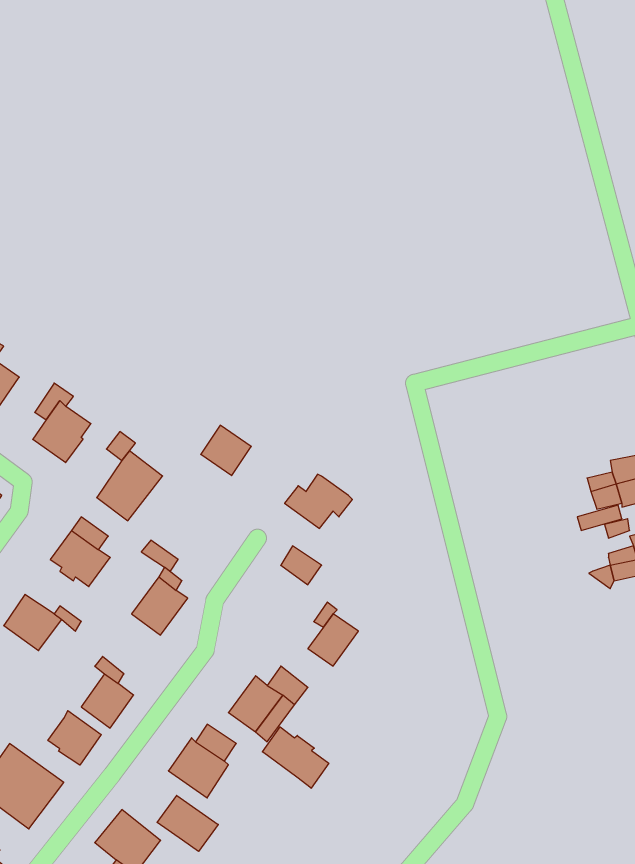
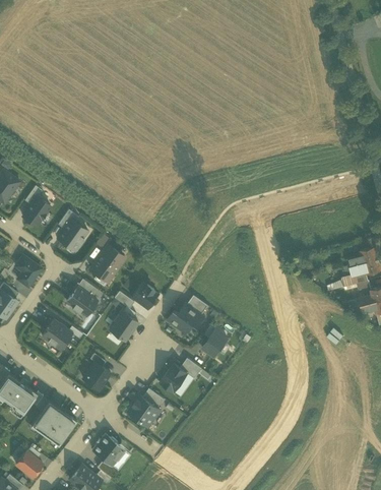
building: [201,425,251,476] -> [131,284,157,310]
building: [285,474,352,528] -> [168,305,203,333]
building: [48,711,101,765] -> none
building: [262,727,329,788] -> none
building: [157,795,218,851] -> none

